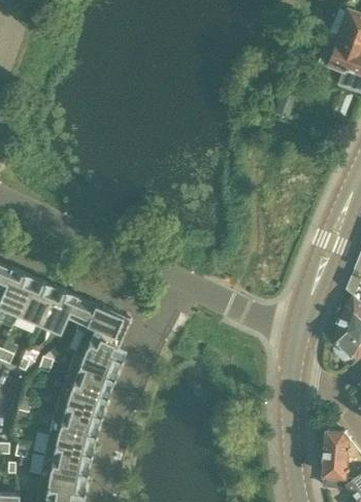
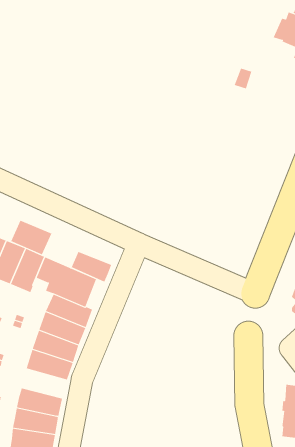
building: none -> [10,220,52,255]
building: none -> [71,251,112,282]
building: [47,413,97,445] -> none

